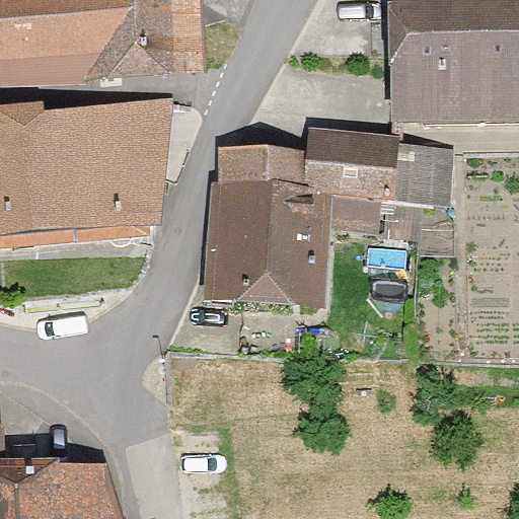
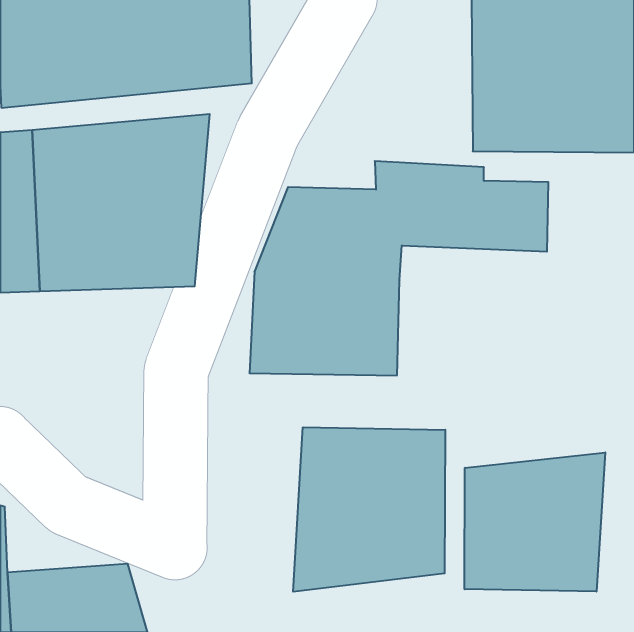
building: none -> [293,427,445,592]
building: none -> [465,452,605,592]

